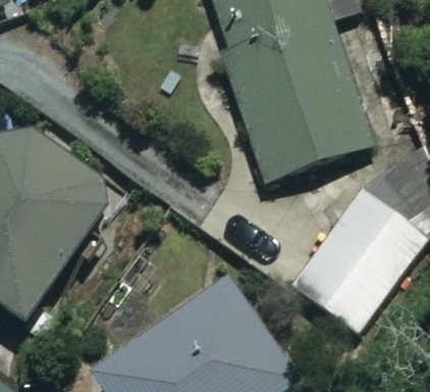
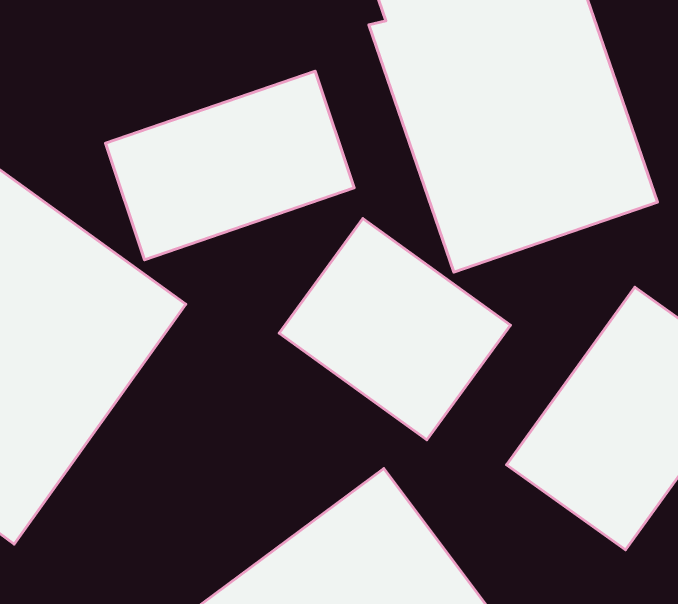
building: none -> [106,71,354,260]
building: none -> [279,218,511,440]

